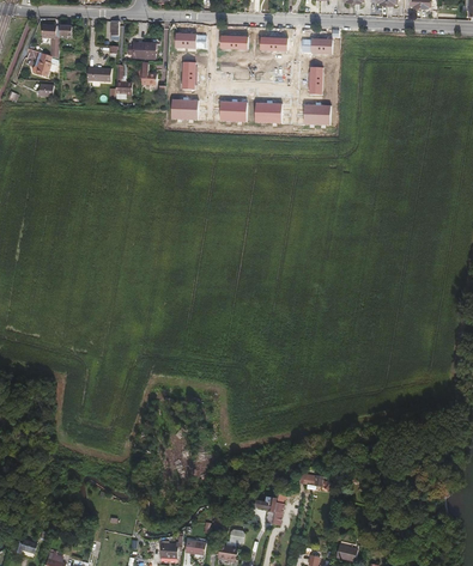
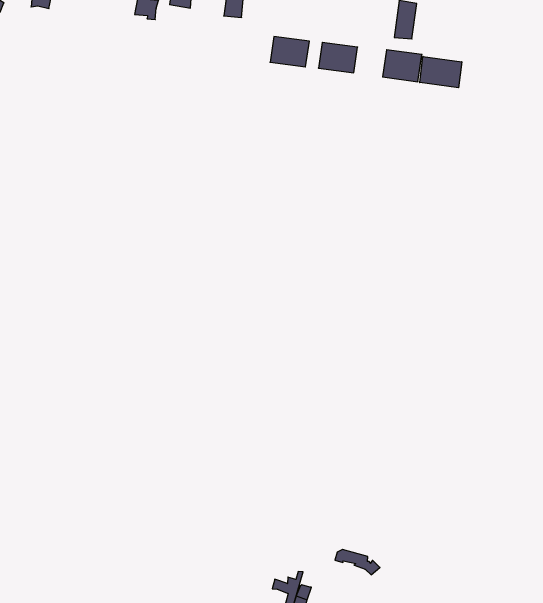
building: [170,98,198,118] -> none
building: none -> [420,56,462,88]

